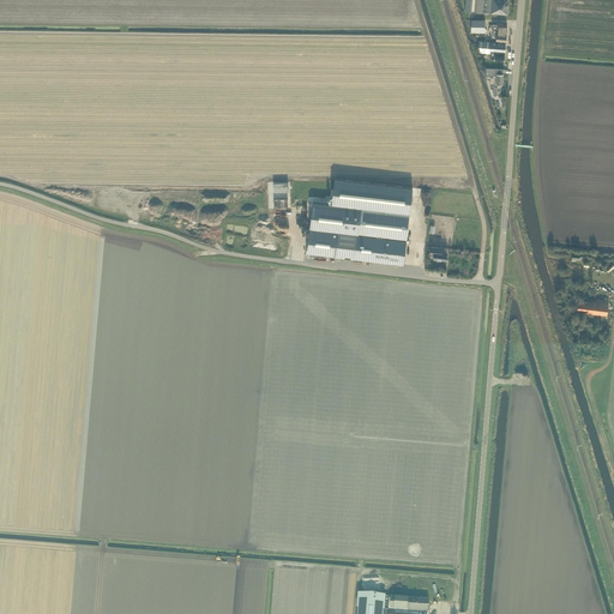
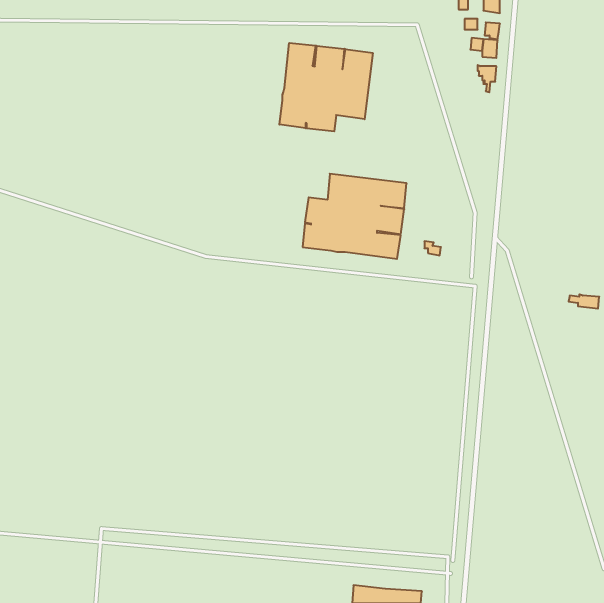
building: none -> [279,43,373,131]

